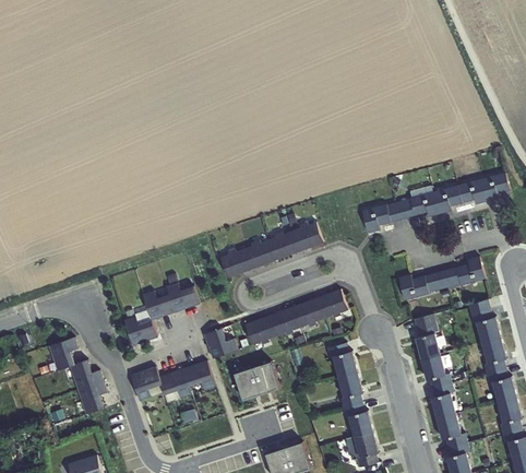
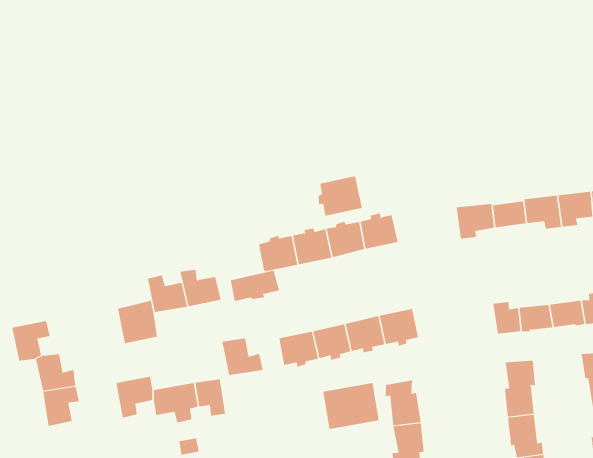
building: none -> [318,176,362,216]
building: none -> [230,270,280,302]
building: [234,360,278,400] -> [323,382,379,430]

